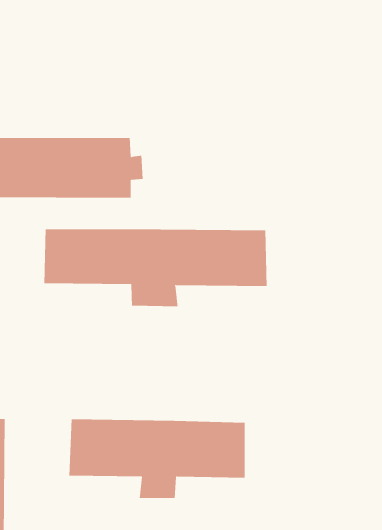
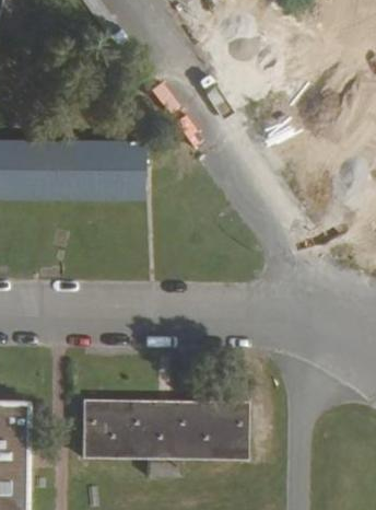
building: [44,228,267,307] -> none

